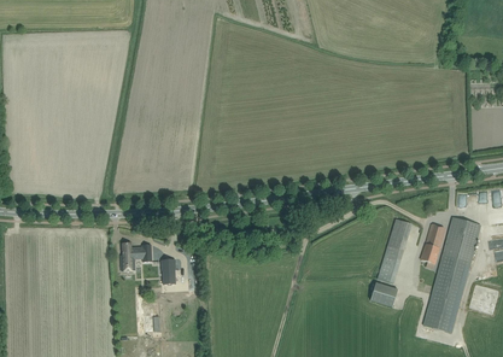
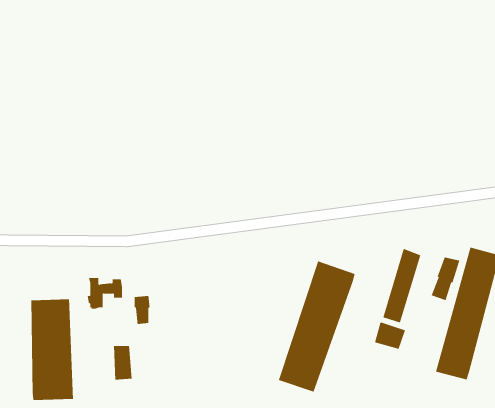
building: none -> [278,261,355,392]
building: none -> [31,298,73,401]

